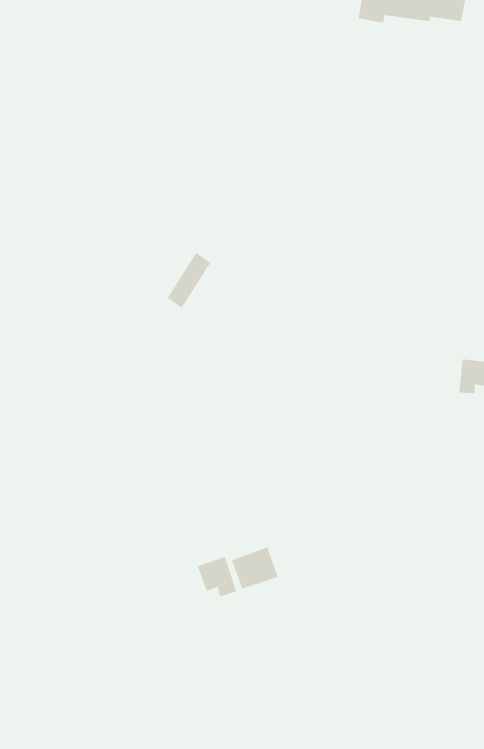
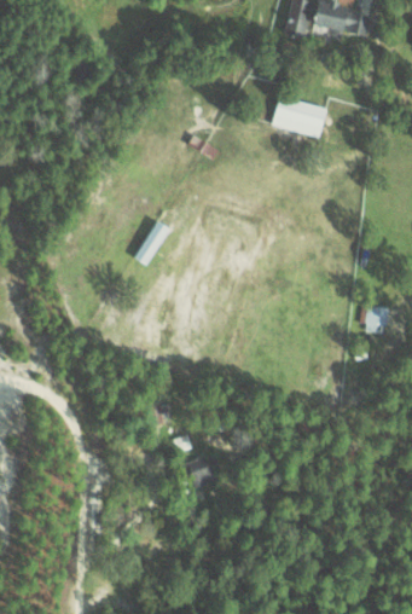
building: none -> [273,97,327,135]
building: [197,556,237,597] -> none

